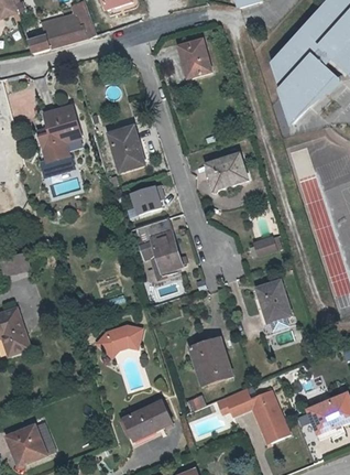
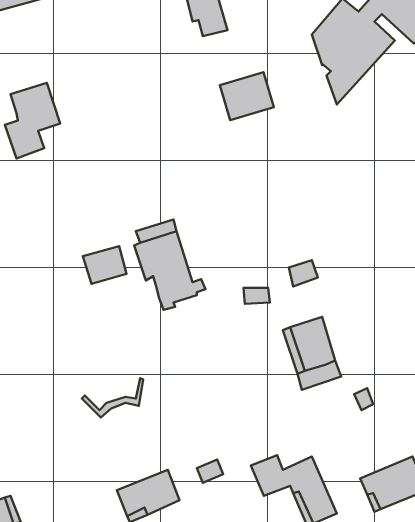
building: [109,128,143,171] -> none
building: [205,155,245,192] -> [220,72,274,120]
building: [130,184,163,213] -> [83,246,126,284]
building: [99,328,141,355] -> none
building: [190,341,232,382] -> none

